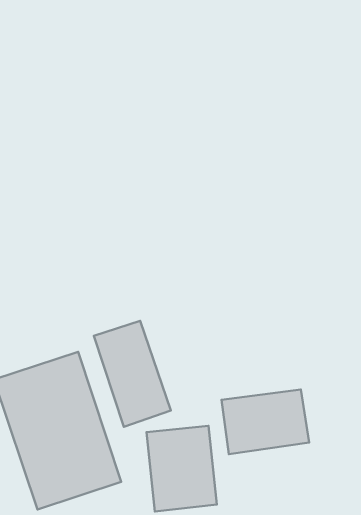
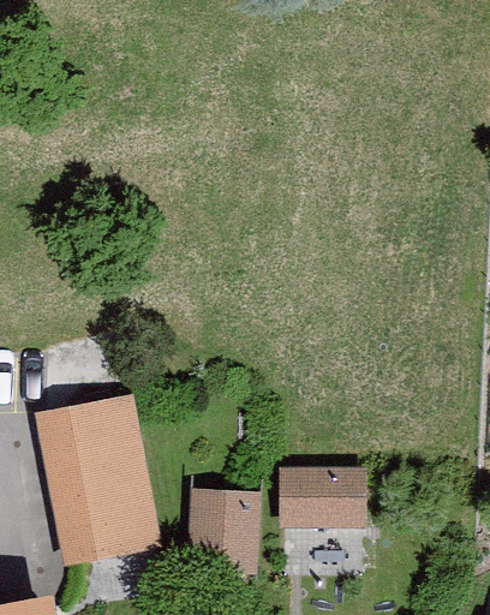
building: [94,321,171,427] -> none

